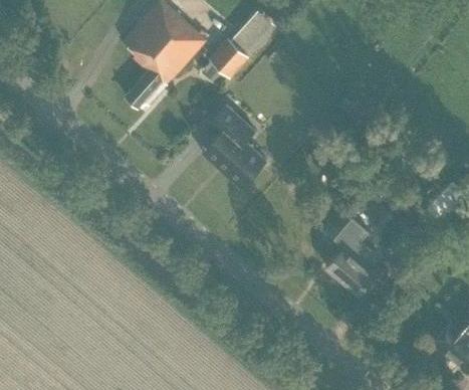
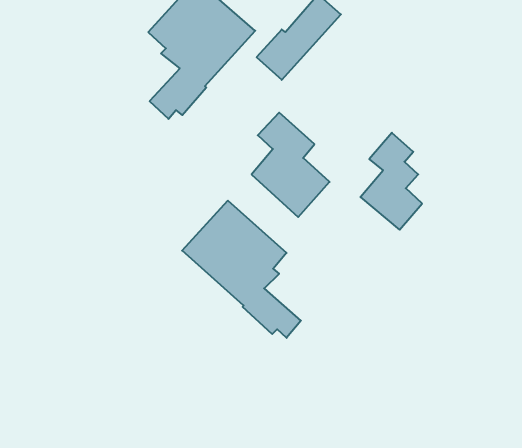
building: none -> [182,201,301,338]
building: [327,217,377,295] -> [360,133,422,230]

